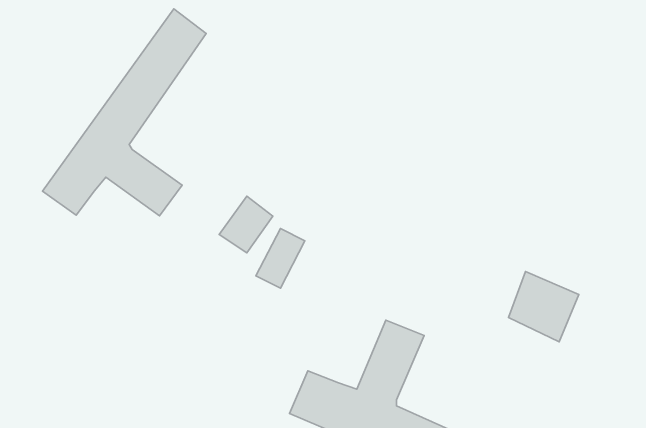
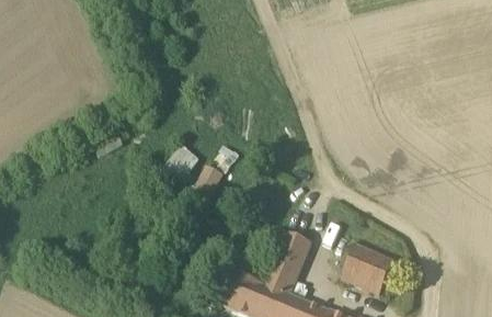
building: [43,9,206,216] -> none
building: [509,272,579,342] -> [343,245,393,295]

